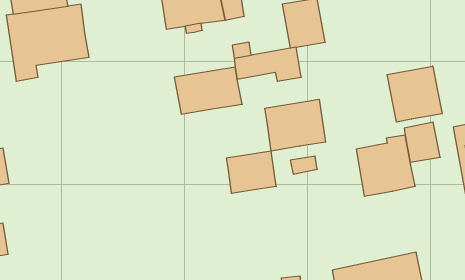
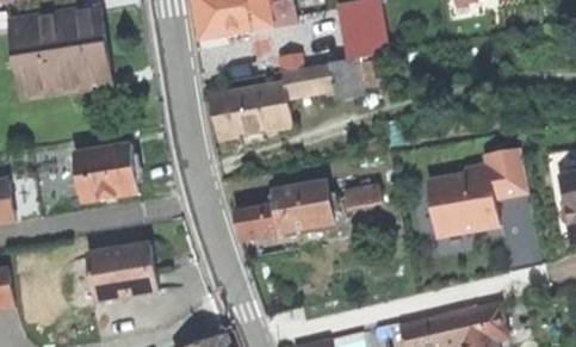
building: [387,66,442,122] -> none
building: [265,99,326,151] -> none
building: none -> [73,143,136,199]
building: none -> [234,204,278,237]
building: none -> [86,242,156,298]

